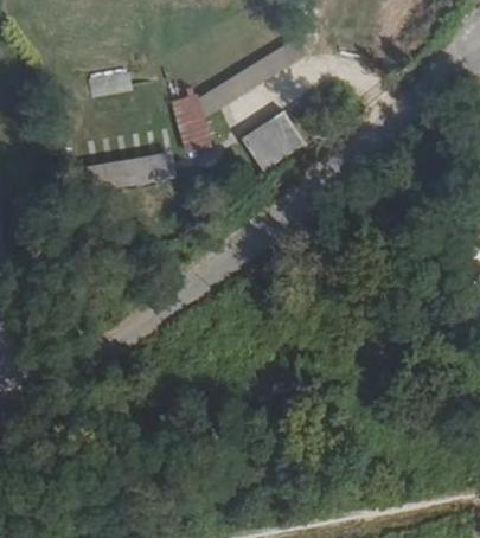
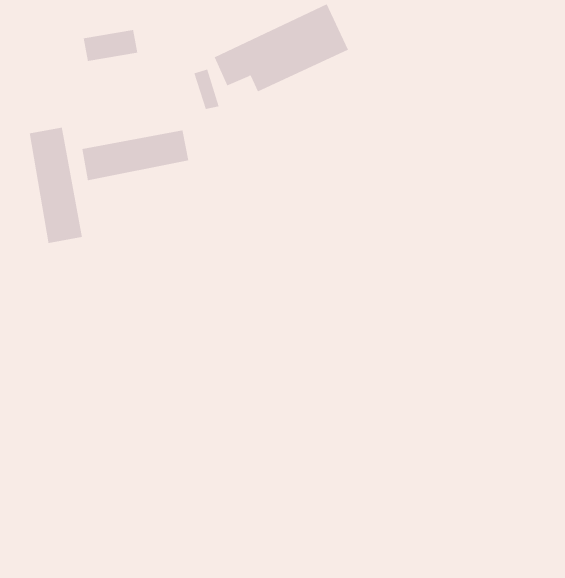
building: [242,110,306,169] -> none
building: none -> [29,127,83,244]

